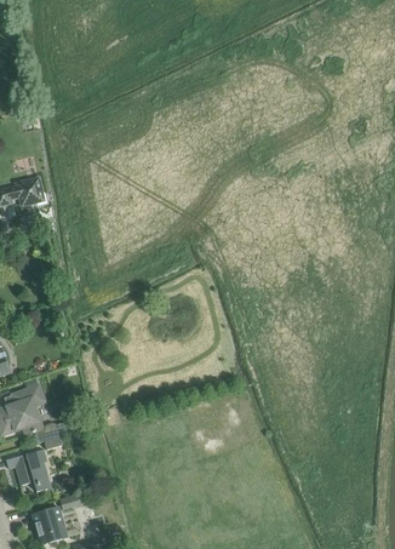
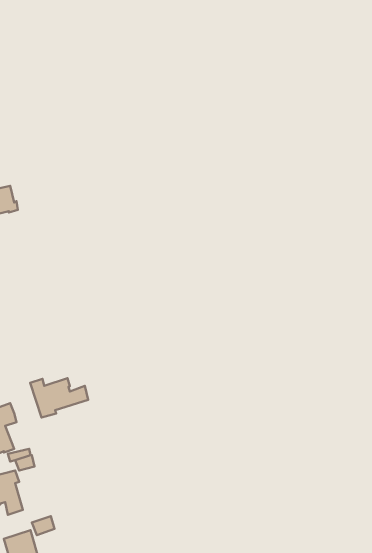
building: none -> [30,378,88,418]

